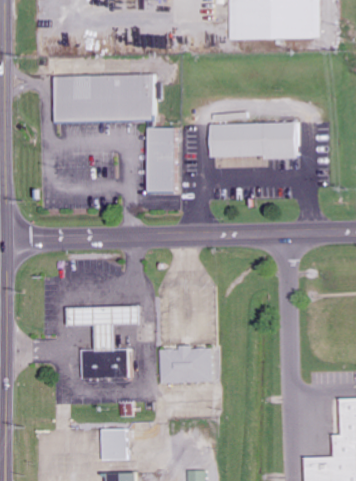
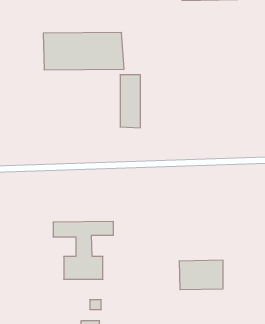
building: [209,123,301,159] -> none
building: [158,348,212,384] -> [179,260,223,290]

